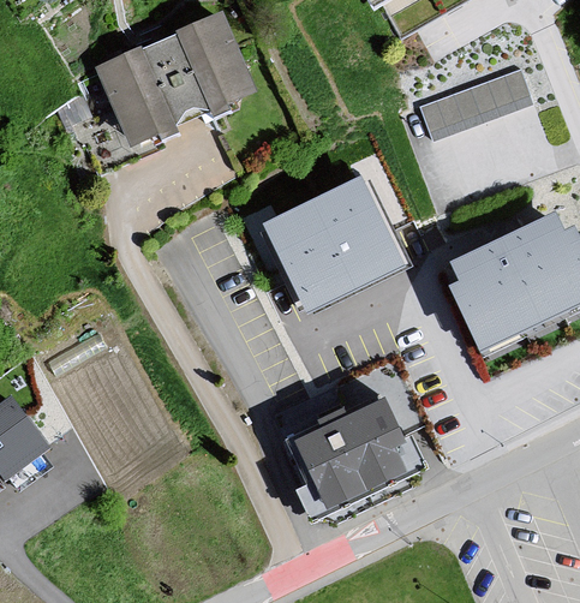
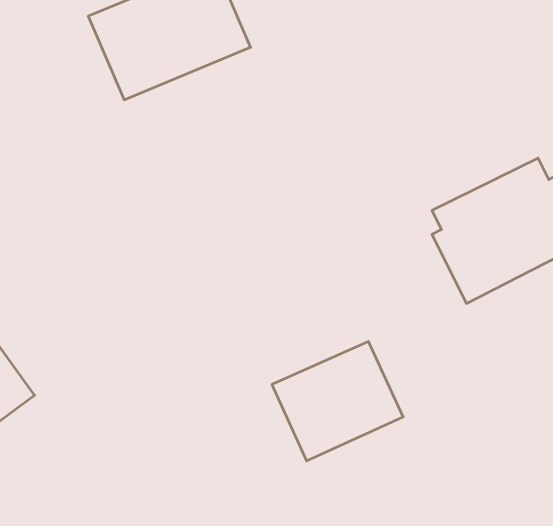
building: [417,62,532,131] -> none
building: [261,174,406,316] -> none

